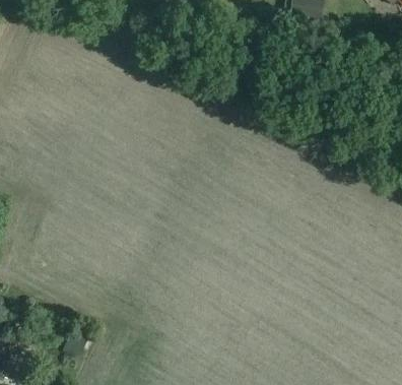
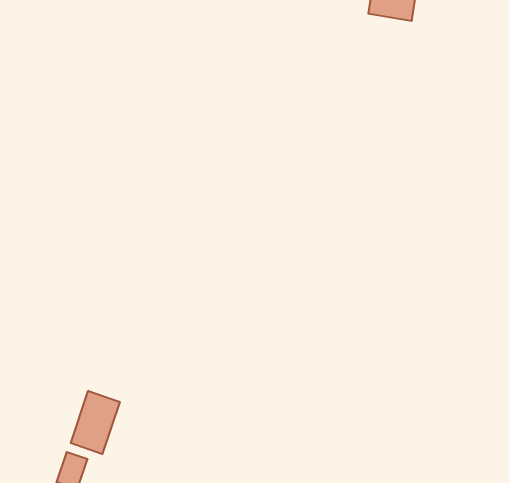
building: none -> [71,391,120,454]

